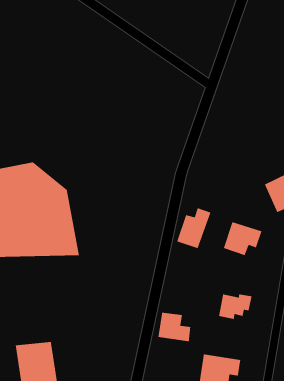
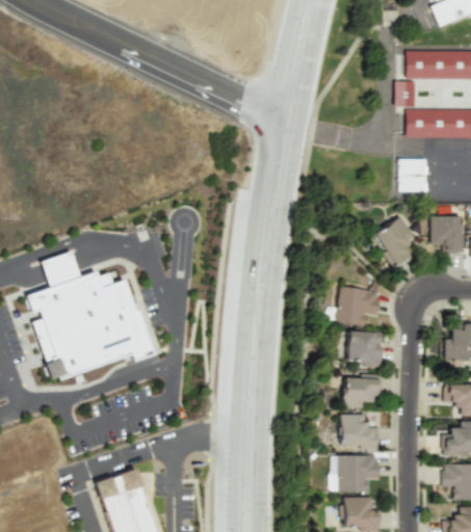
building: [176,207,211,249] -> none
building: none -> [346,331,382,367]
building: [158,312,191,342] -> [340,415,381,448]

